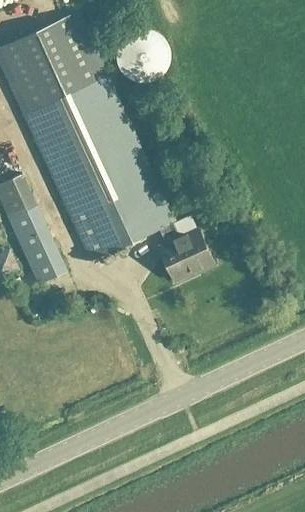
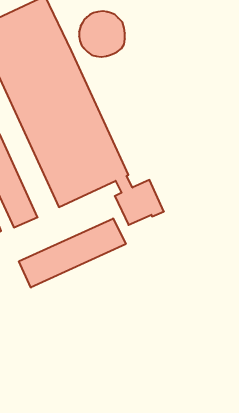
building: none -> [19,218,126,288]

